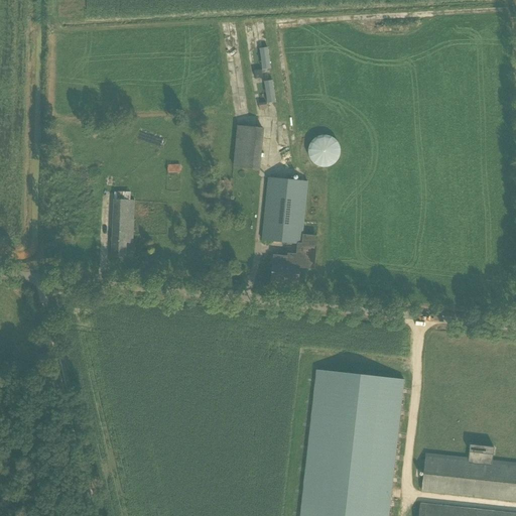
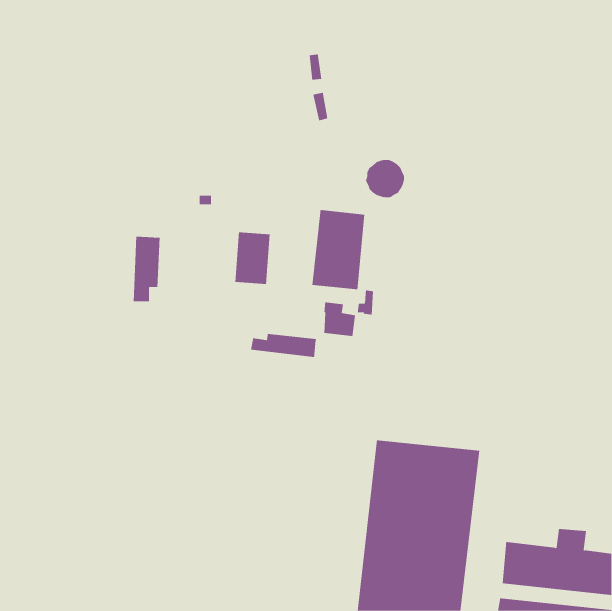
building: [233,124,263,168] -> [234,232,270,284]
building: none -> [251,333,317,358]

